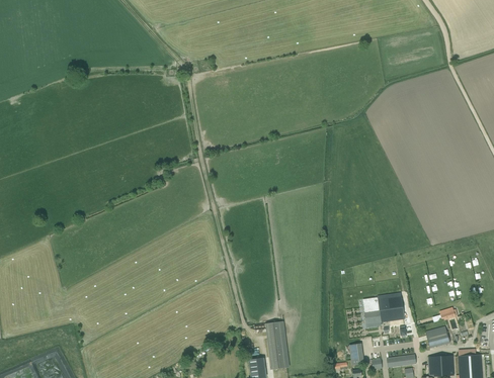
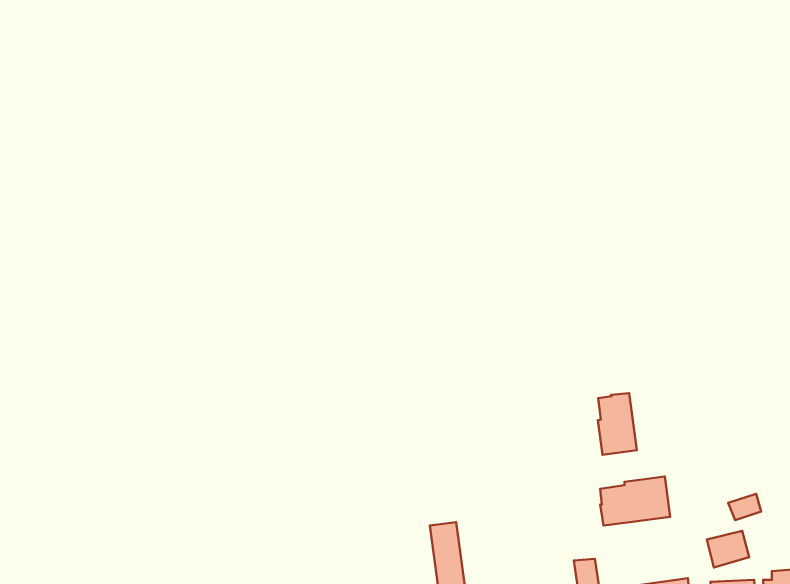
building: none -> [598,393,637,455]

